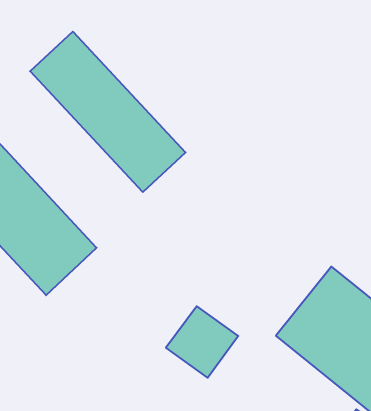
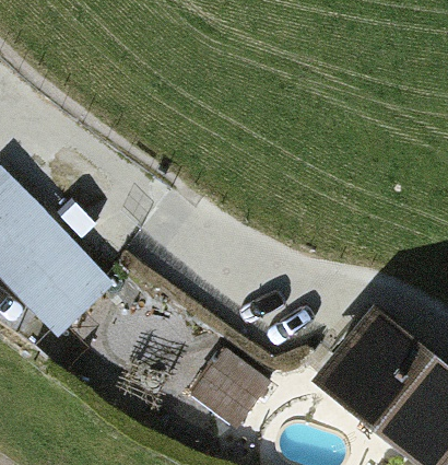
building: [30,32,186,192] -> none

